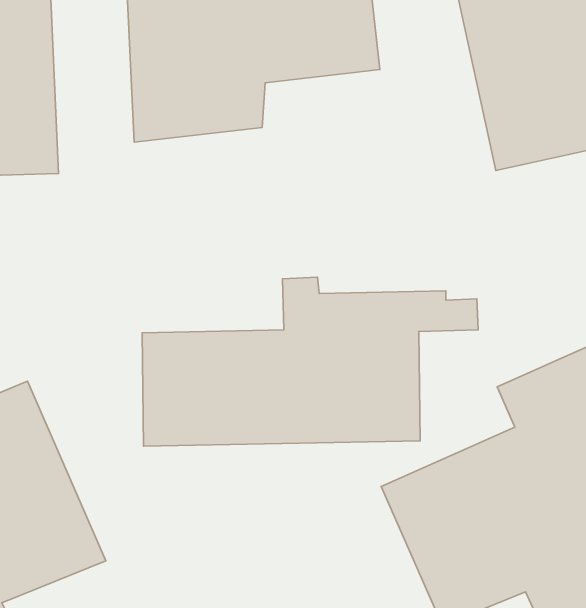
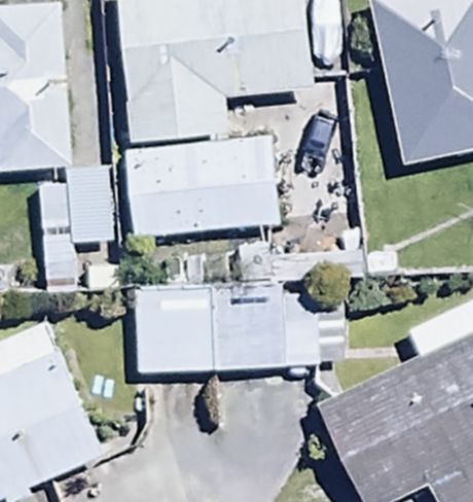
building: none -> [125,141,277,232]
building: none -> [41,169,112,298]

